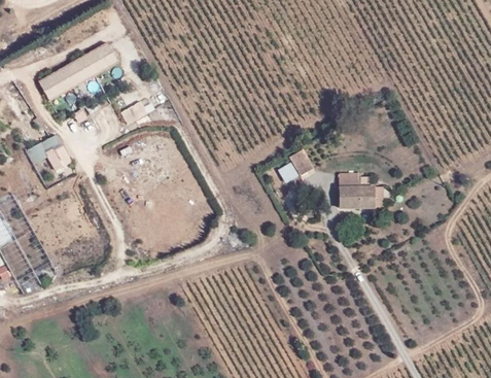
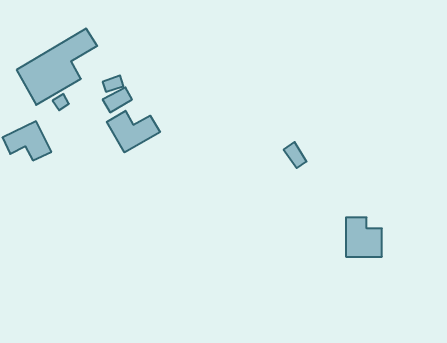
building: none -> [107,111,160,152]
building: [341,171,375,208] -> [346,217,382,257]

